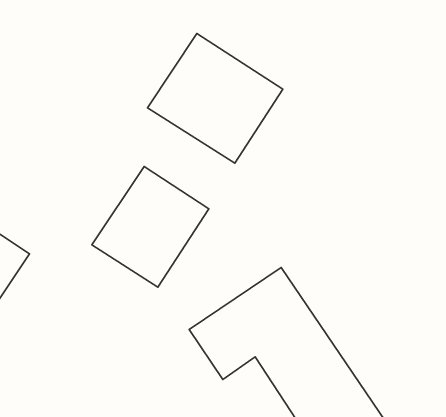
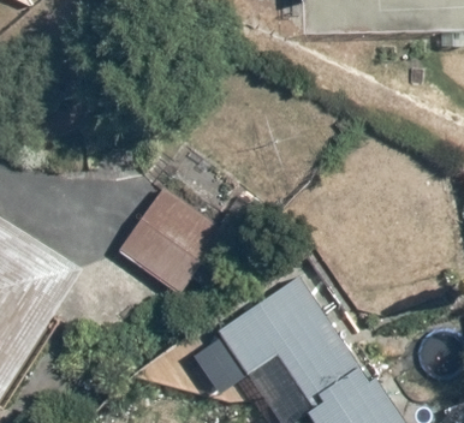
building: [148,33,283,163] -> none

